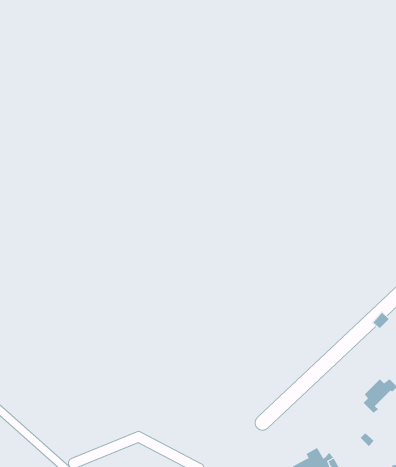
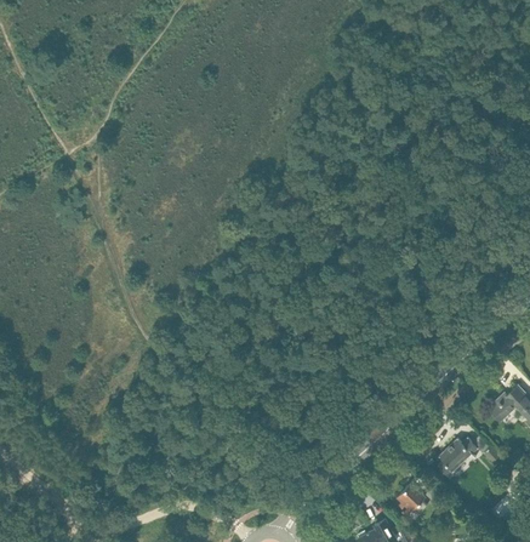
building: none -> [398,483,428,515]

